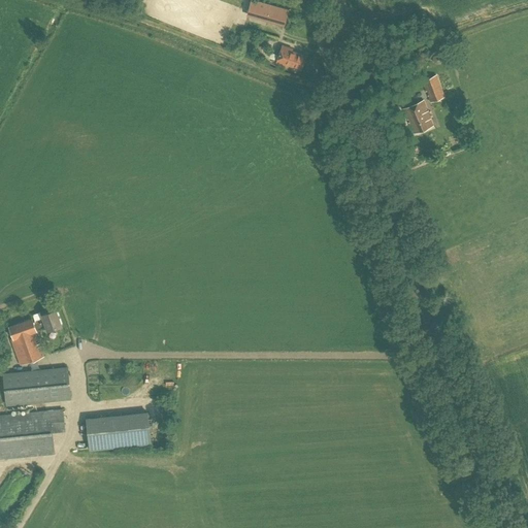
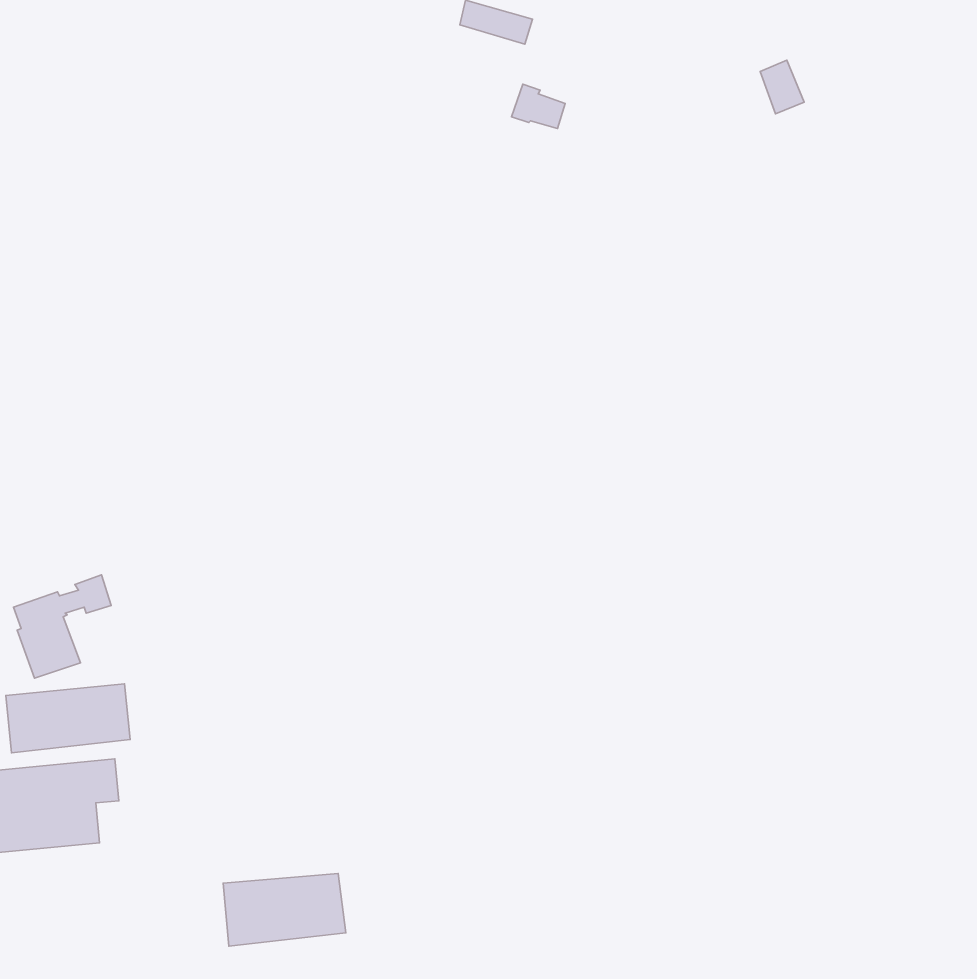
building: [421,74,444,103] -> [760,60,804,114]
building: [402,101,432,134] -> none
building: [85,411,151,451] -> [223,874,346,946]

